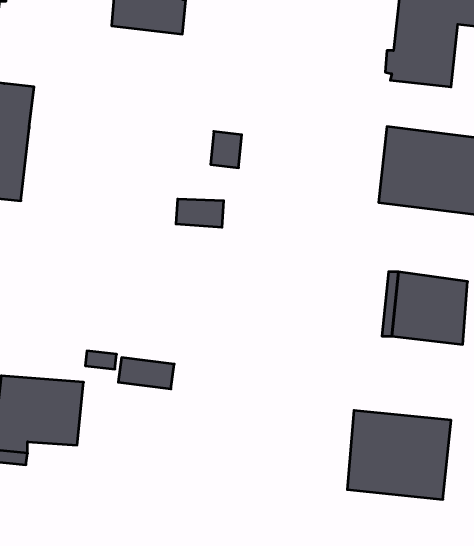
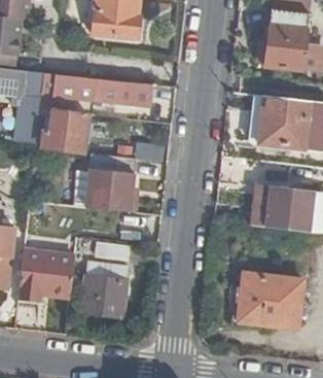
building: none -> [41,71,155,108]
building: none -> [43,110,88,149]
building: none -> [85,167,136,210]
building: none -> [84,261,128,315]

